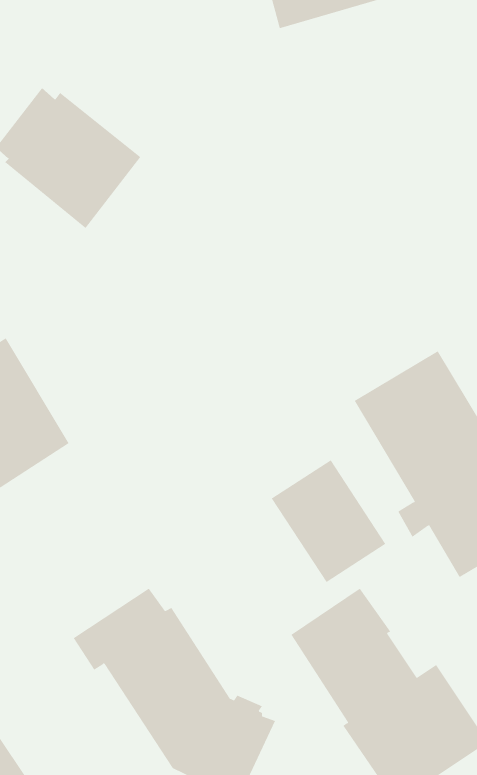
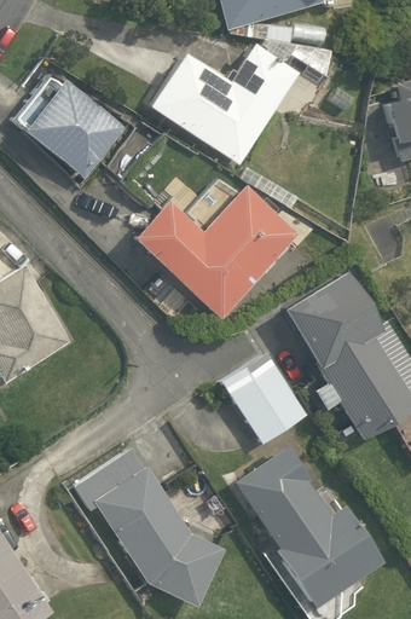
building: none -> [151,44,300,164]
building: none -> [134,185,316,320]

